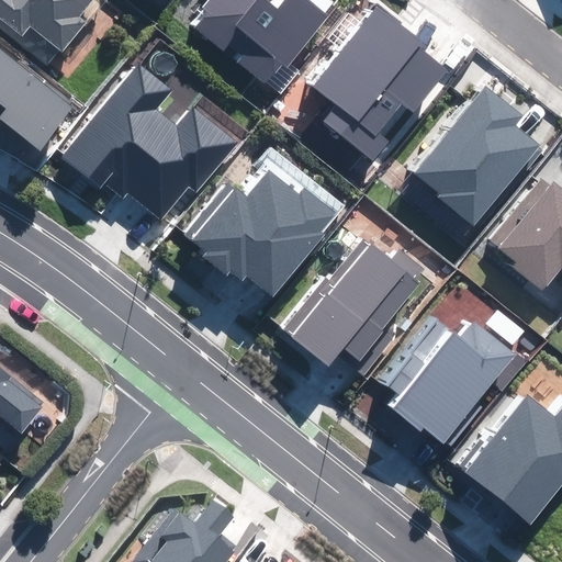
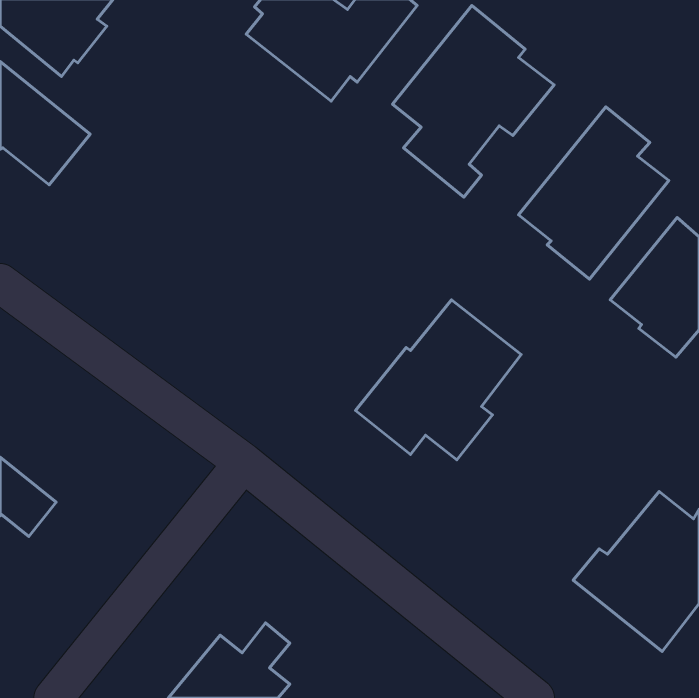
building: [64,64,236,217] -> none
building: [186,171,337,294] -> none
building: [387,321,525,442] -> none

